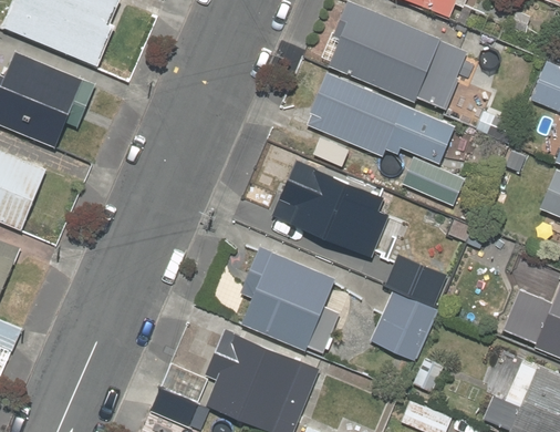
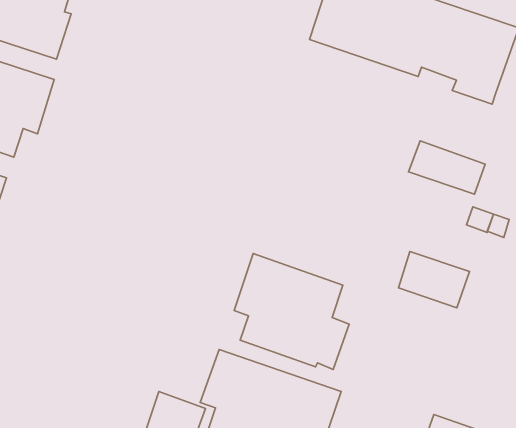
building: [303,71,454,162] -> none
building: [274,157,402,258] -> none
building: [370,291,437,362] -> none

